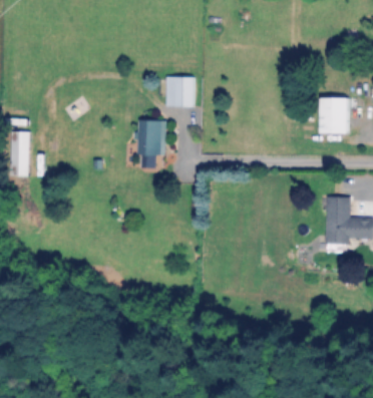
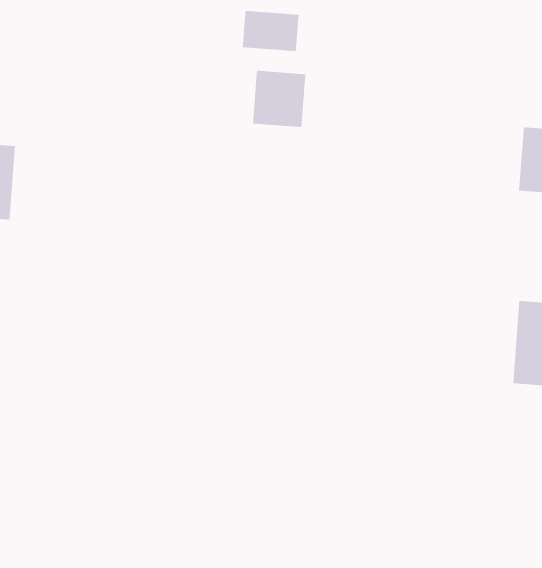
building: none -> [242,10,299,52]
building: [138,119,163,155] -> none

